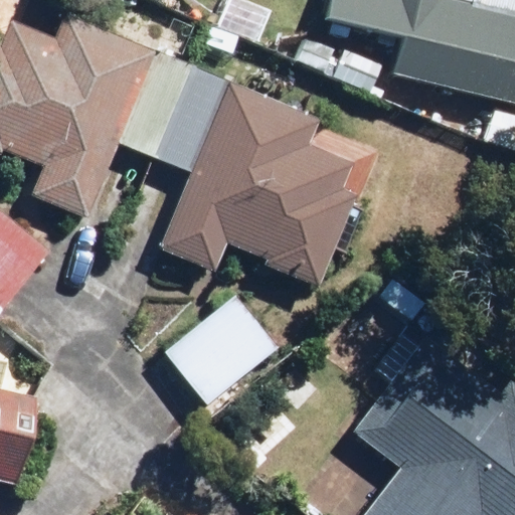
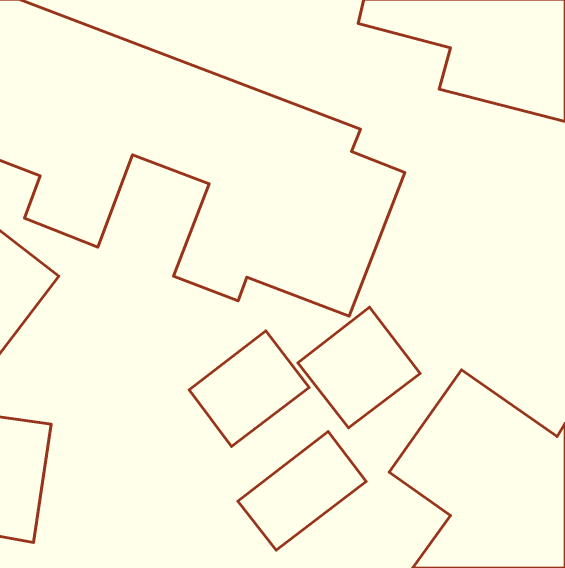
building: none -> [298,307,420,428]
building: none -> [238,431,366,550]

